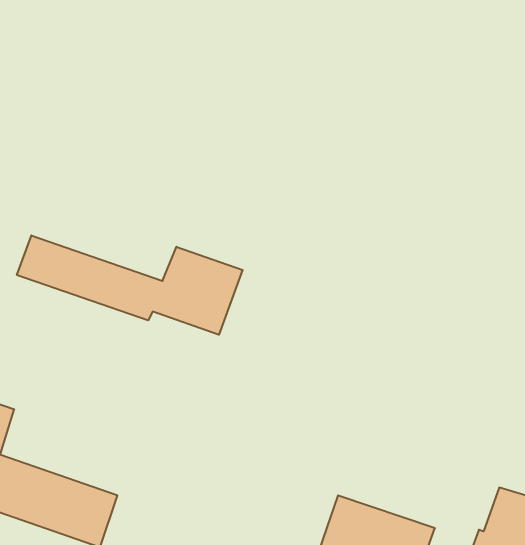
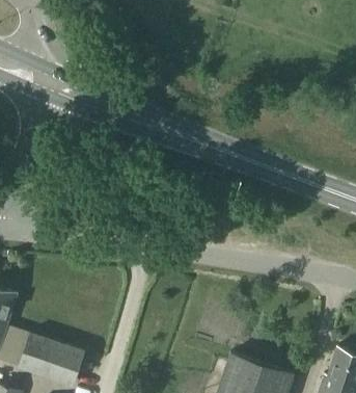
building: [17,235,243,335] -> none

